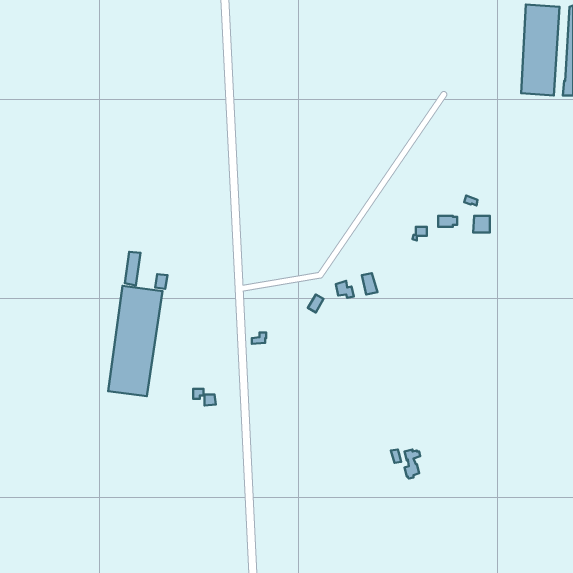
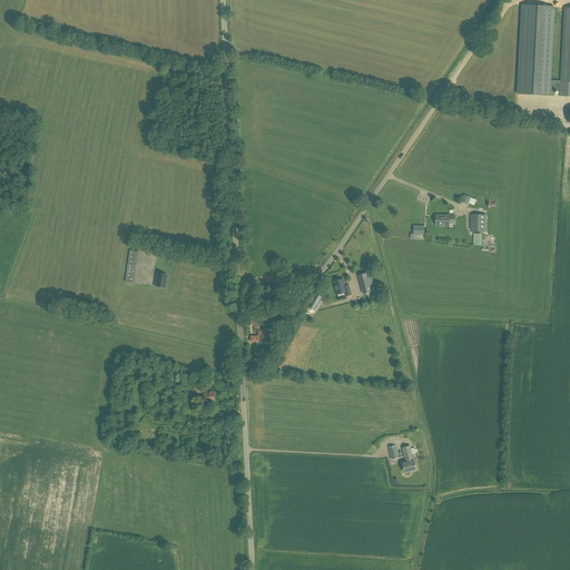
building: [108,286,163,396] -> none

